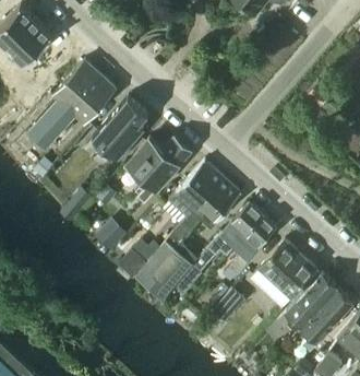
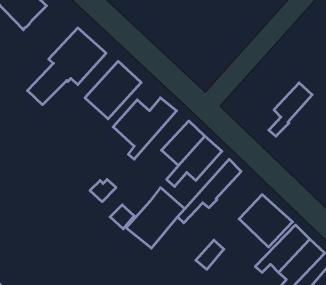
building: [229,216,276,274] -> [269,83,312,136]

